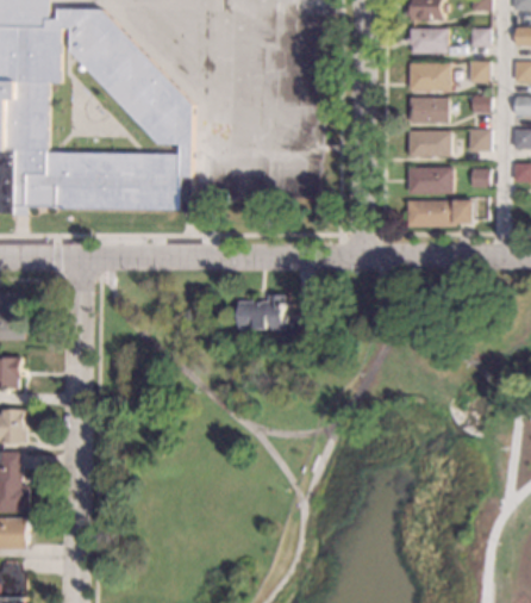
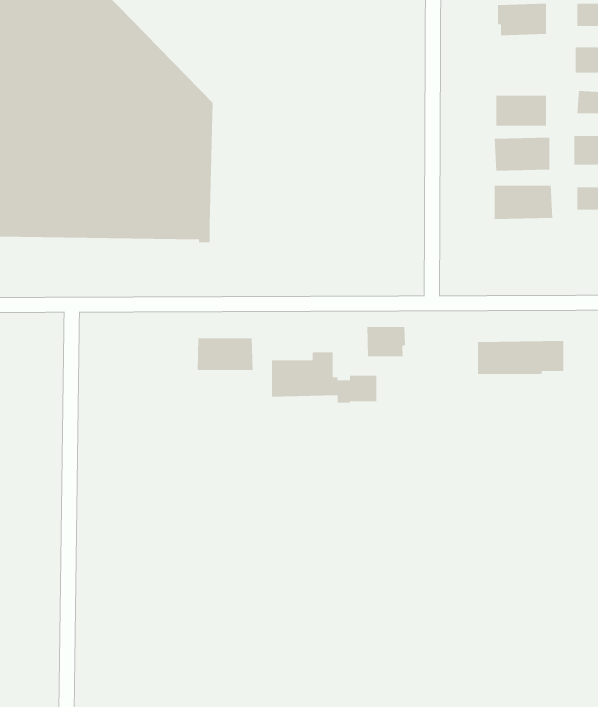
building: [407,63,449,91] -> none
building: [405,200,471,226] -> [477,340,564,375]
building: none -> [367,326,405,357]
building: none -> [197,337,253,371]

